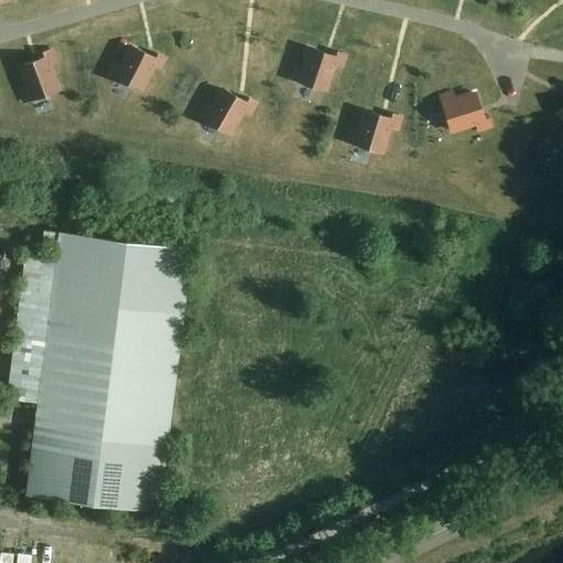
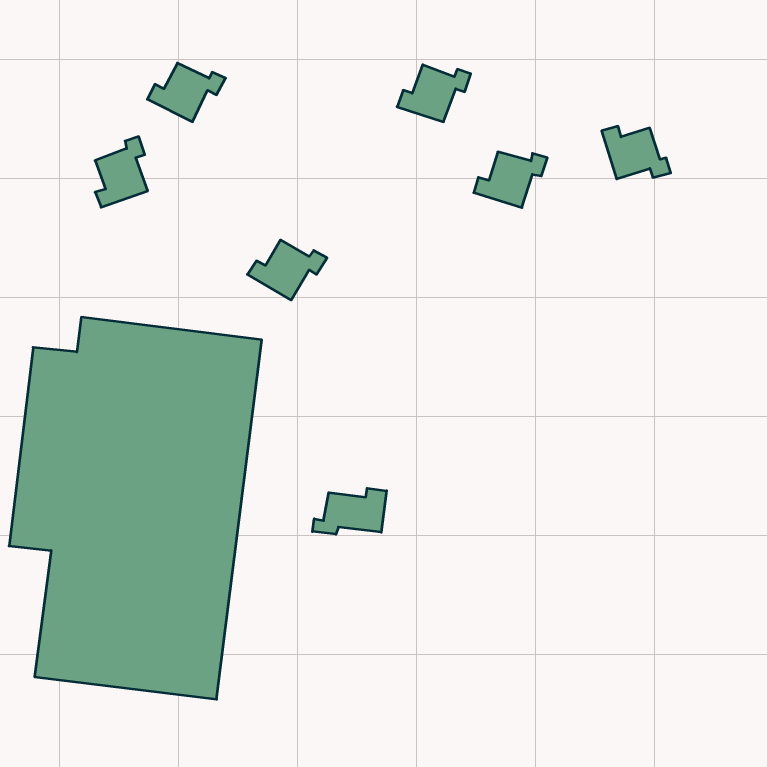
building: [19,51,57,102] -> [95,137,148,207]
building: [198,90,256,134] -> [247,240,327,300]
building: none -> [312,488,387,534]

